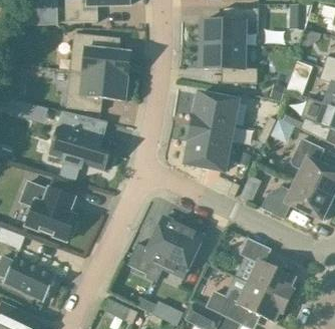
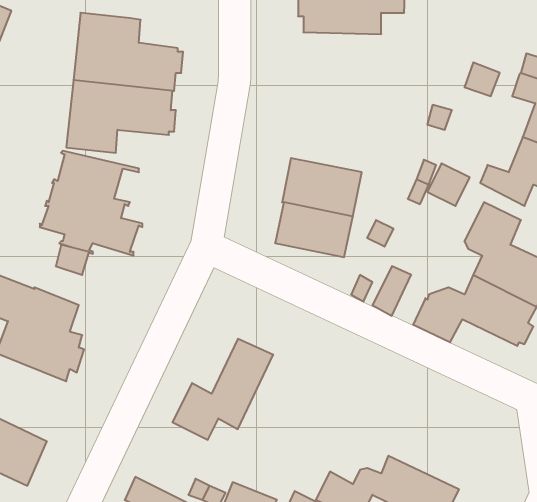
building: [196,43,256,82] -> none
building: [193,91,237,122] -> none
building: [162,226,202,277] -> none
building: [241,239,295,302] -> none

